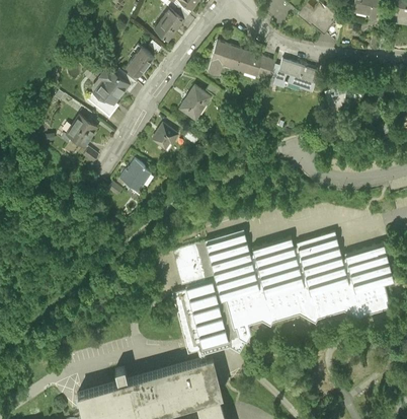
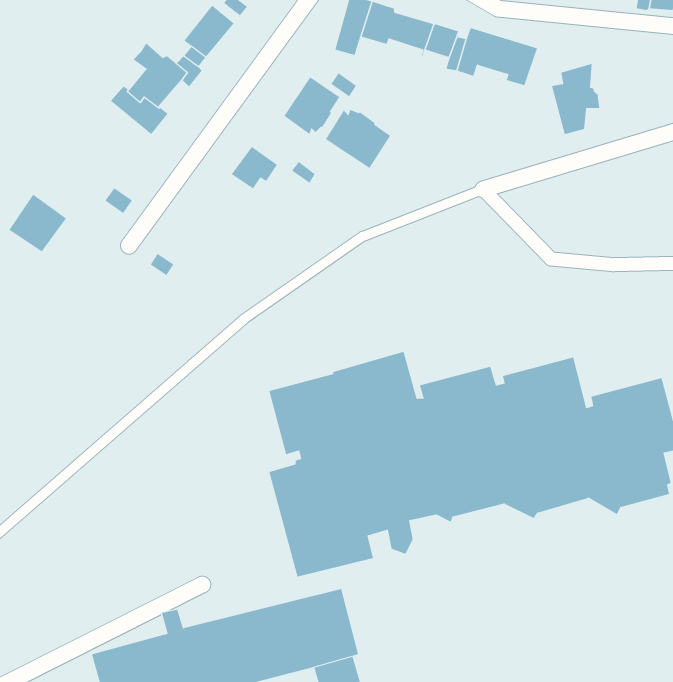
building: none -> [325,109,391,169]
building: [65,114,96,145] -> [8,194,67,252]
building: [120,158,150,188] -> none

